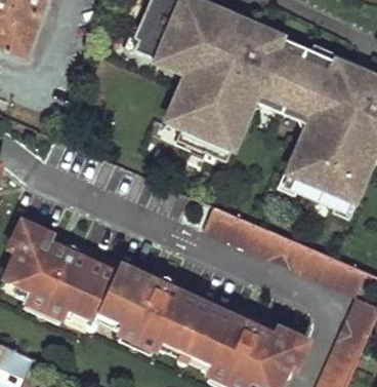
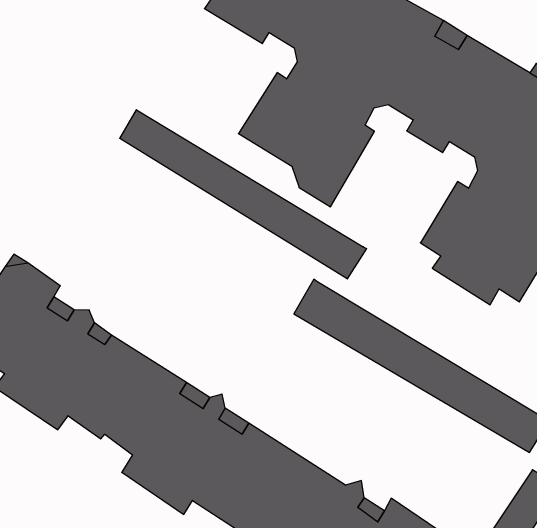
building: none -> [120,110,367,279]

